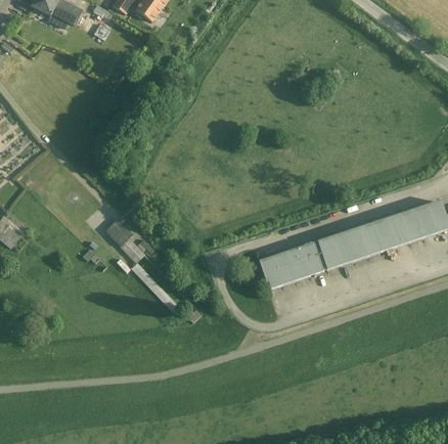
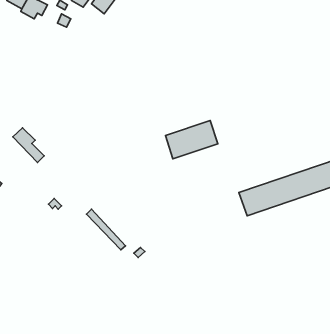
building: [105,218,144,261] -> [13,128,44,163]
building: [259,241,323,288] -> [165,121,218,159]

